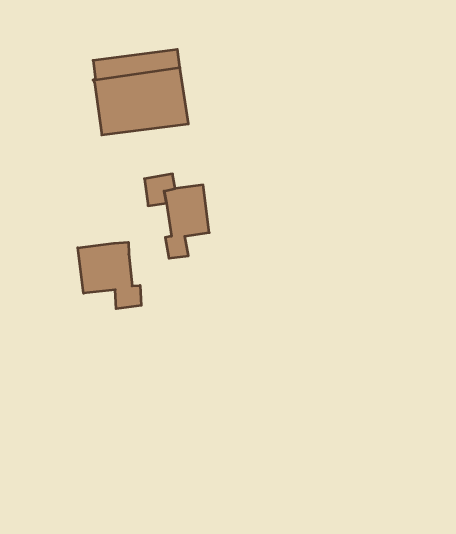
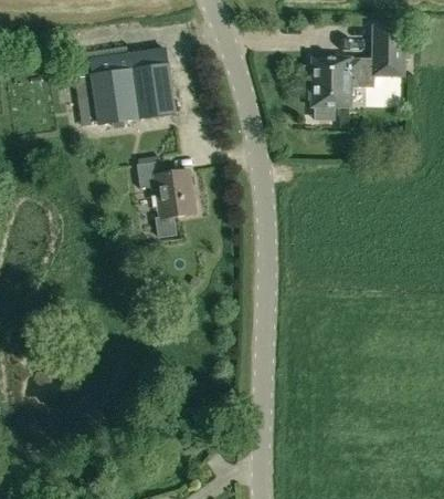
building: none -> [311,23,404,116]
building: [78,242,141,309] -> none

